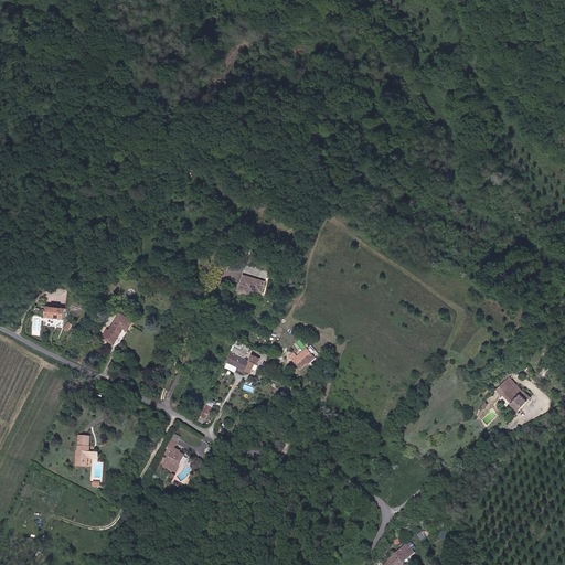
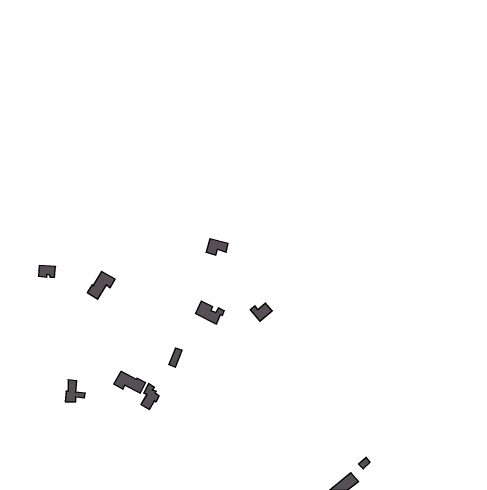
building: [494,376,529,409] -> none
building: none -> [114,371,145,393]

